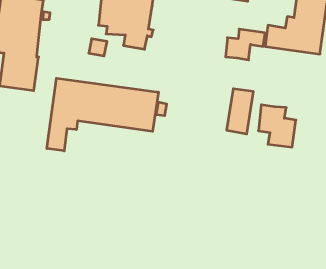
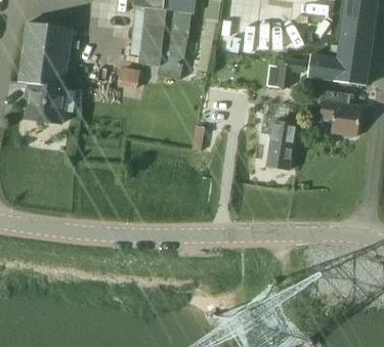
building: [47,78,158,151] -> none
building: [258,105,296,147] -> [319,89,359,134]

